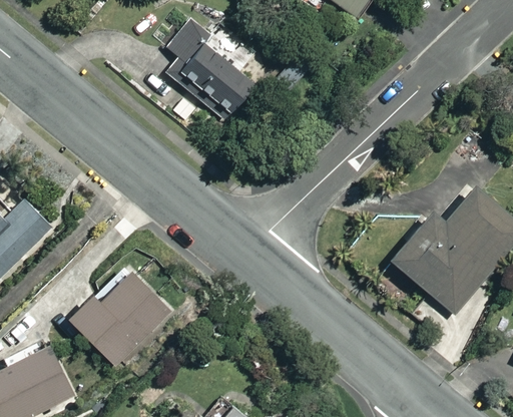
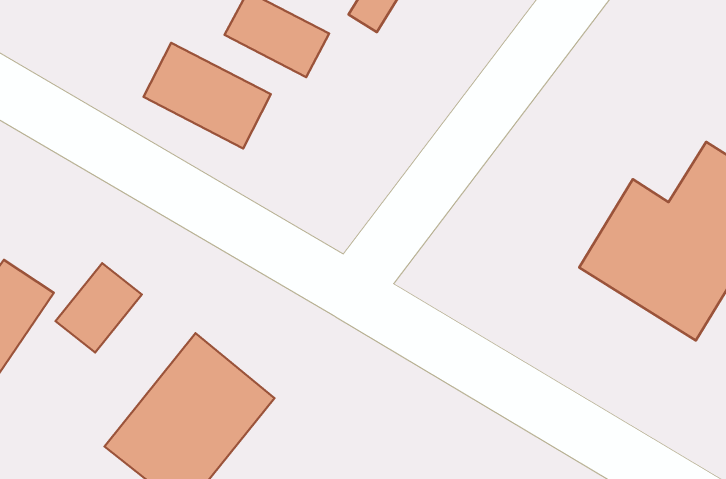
building: none -> [144,43,271,148]
building: none -> [55,263,142,353]

